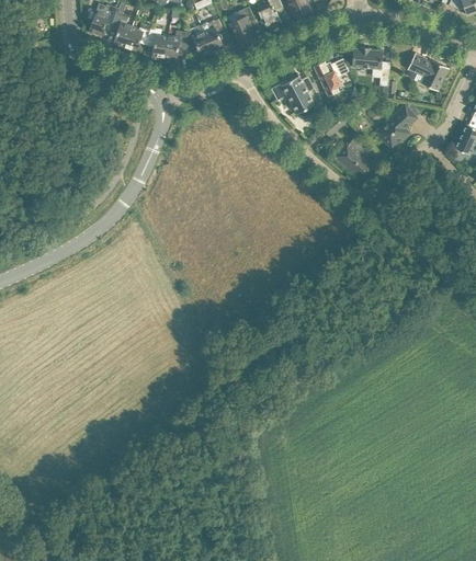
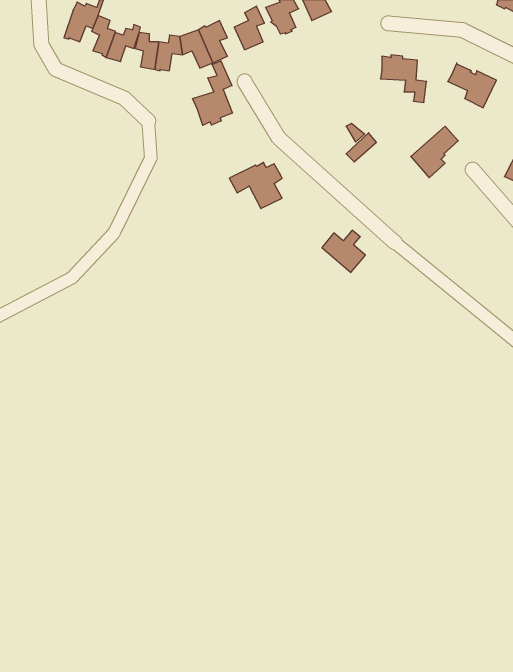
building: none -> [192,61,232,125]
building: [314,58,349,98] -> none
building: [271,76,315,114] -> [229,162,282,209]
building: [337,142,373,178] -> [322,230,365,272]

